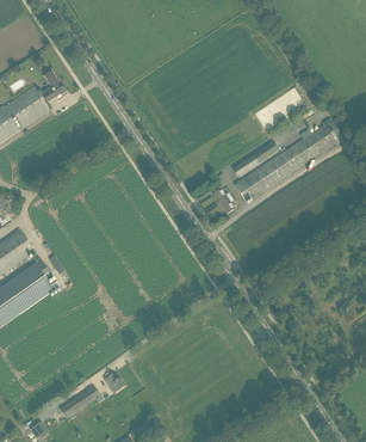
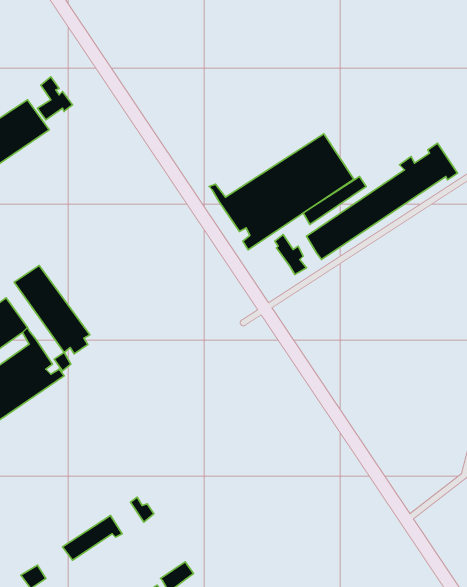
building: none -> [209,134,354,250]
building: none -> [14,266,90,354]

